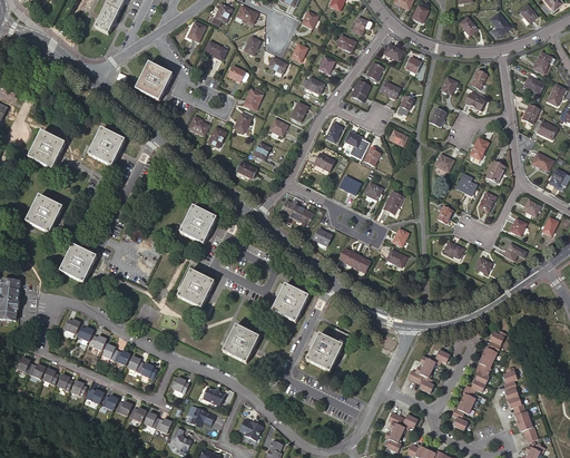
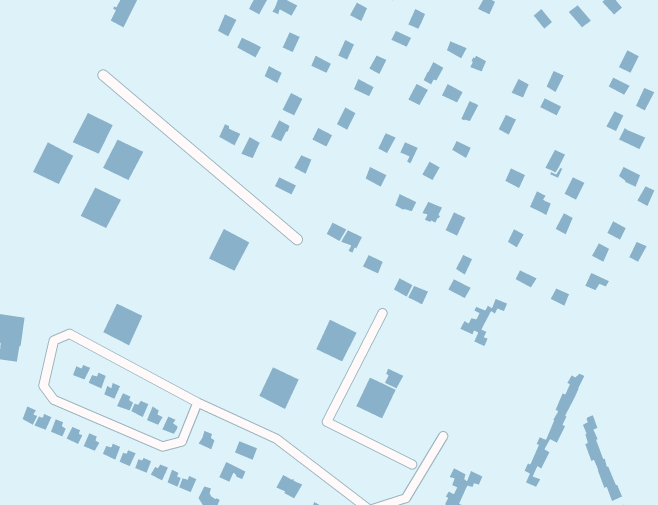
building: [137,62,173,100] -> none
building: none -> [72,112,114,155]
building: [27,195,63,232] -> [79,186,122,229]
building: [61,244,97,282] -> [102,303,144,347]
building: [178,270,215,306] -> none
building: [407,350,450,392] -> [459,298,508,347]

